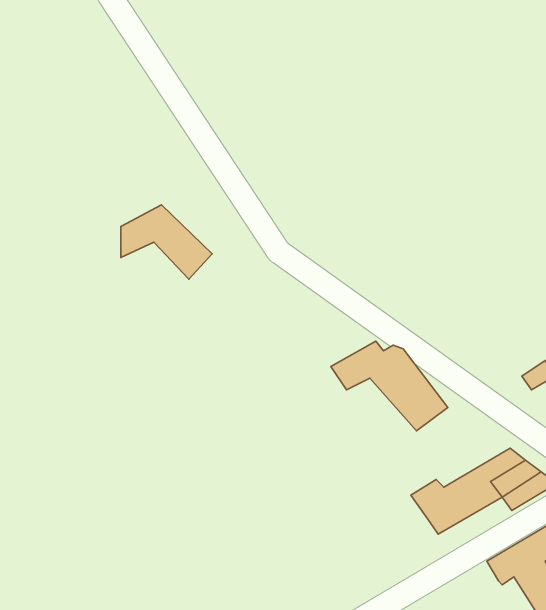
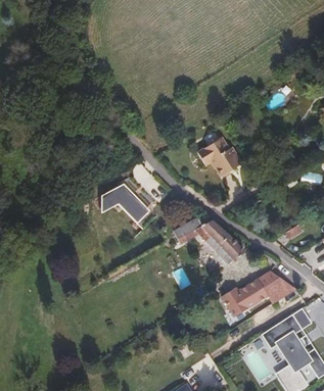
building: none -> [195,138,239,179]
building: [121,205,212,279] -> [100,185,148,224]

